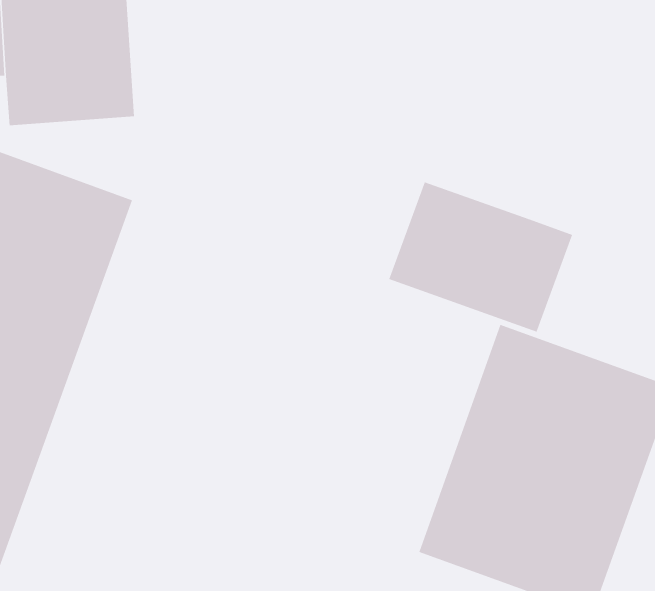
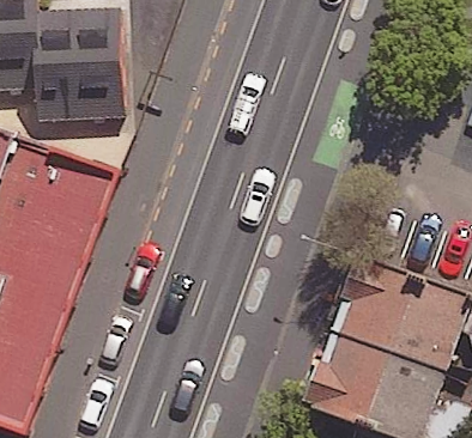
building: [389,182,573,332] -> none

